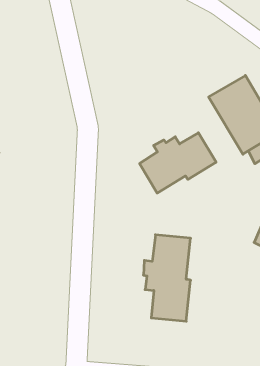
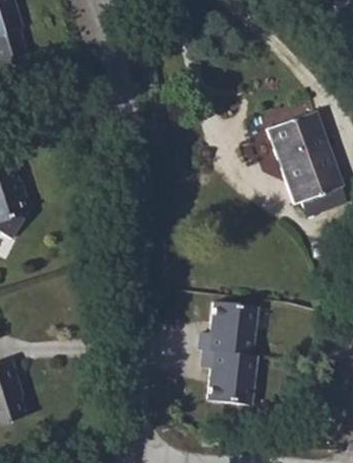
building: [140,133,216,193] -> none

